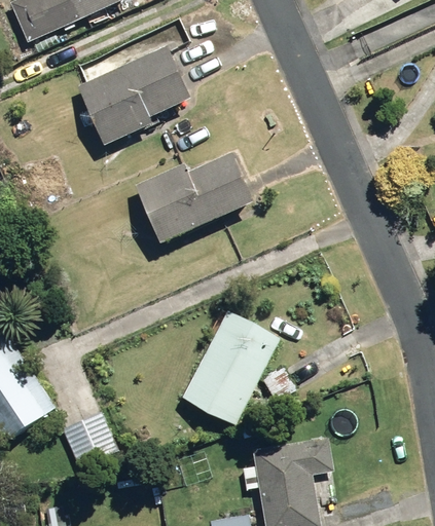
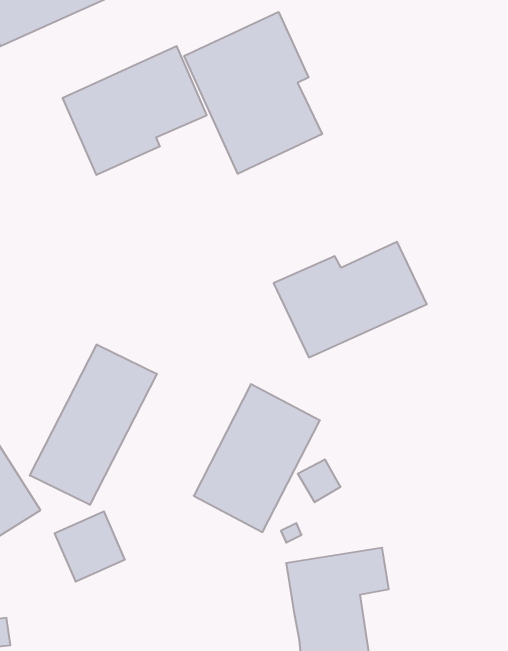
building: none -> [184,12,322,174]
building: [131,154,252,246] -> [274,242,427,357]
building: none -> [30,344,157,505]

